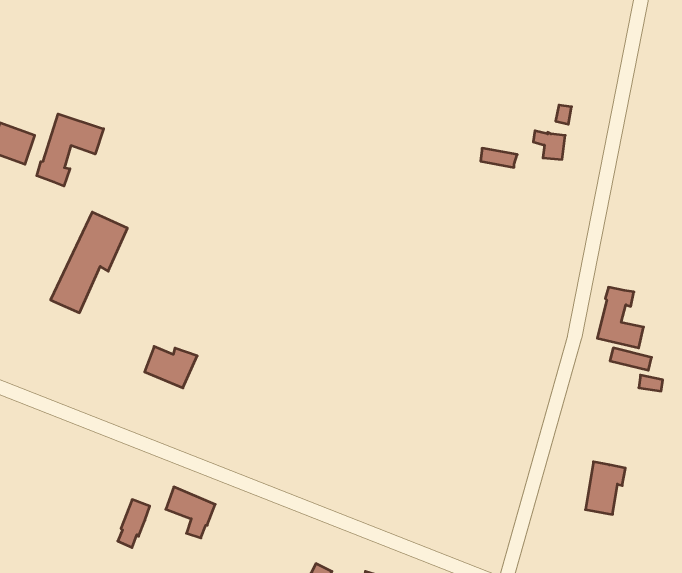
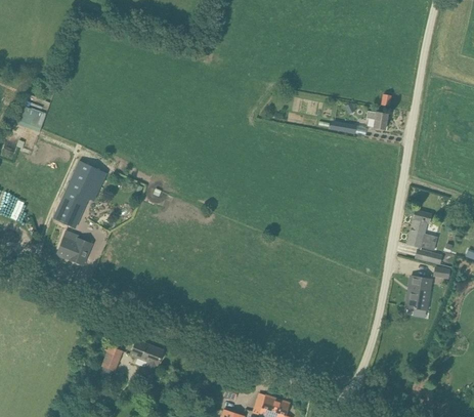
building: [37,114,104,186] -> none
building: [145,346,197,388] -> [57,237,91,263]
building: [585,462,625,514] -> [405,275,431,308]

